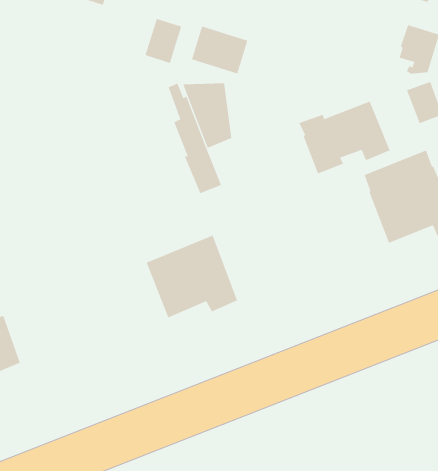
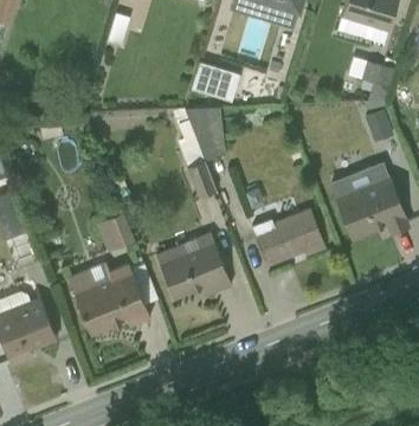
building: [145,18,182,64] -> none
building: [298,101,390,174] -> [252,208,327,267]
building: none -> [97,215,134,253]
building: none -> [69,263,150,335]

